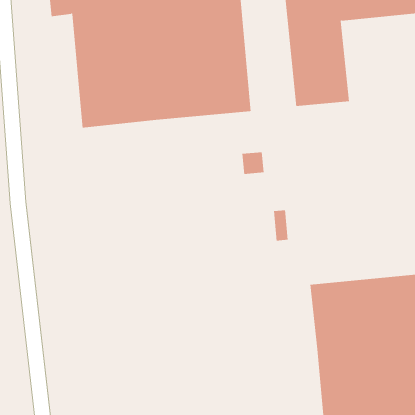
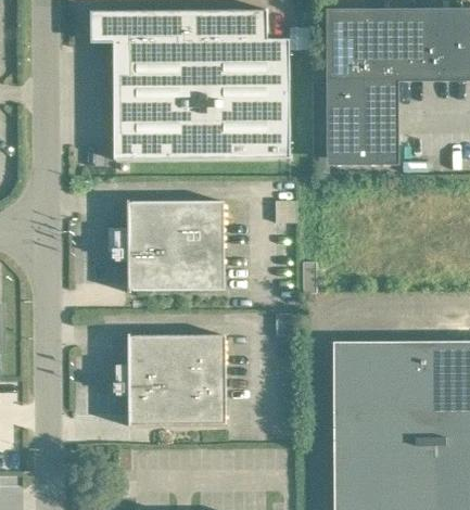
building: none -> [113,201,225,293]
building: none -> [114,334,226,426]

